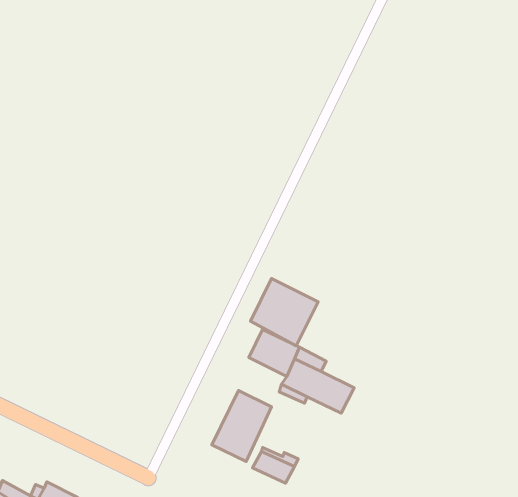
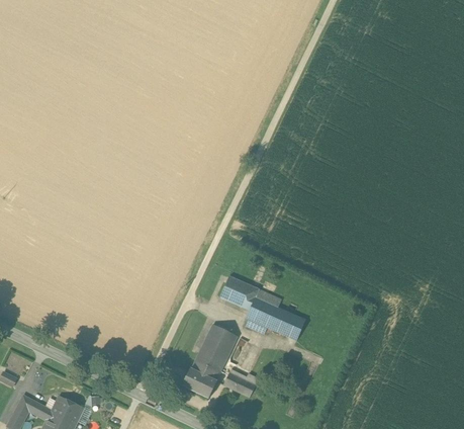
building: [250,278,318,346] -> none
building: none -> [183,366,218,398]

